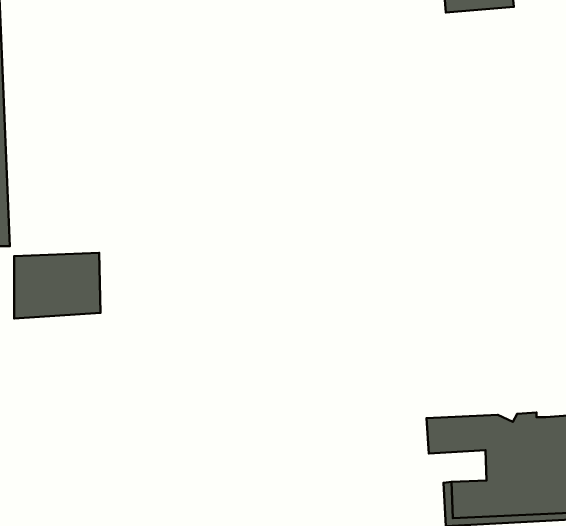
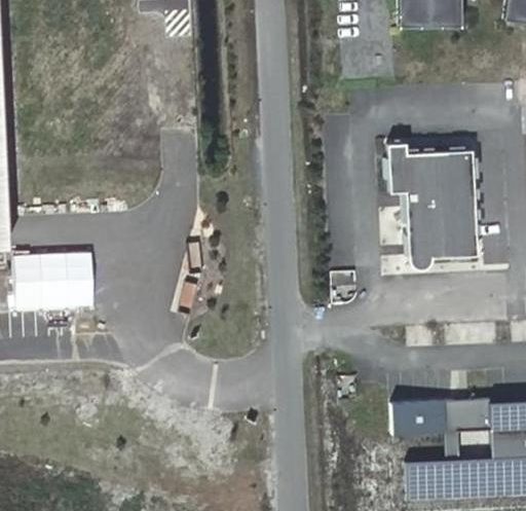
building: none -> [385,143,476,269]

